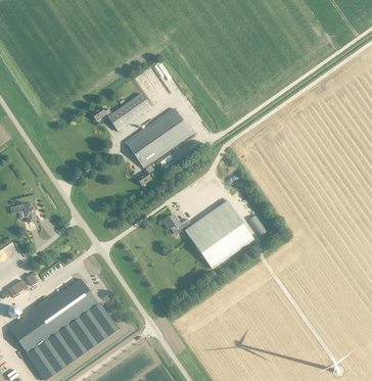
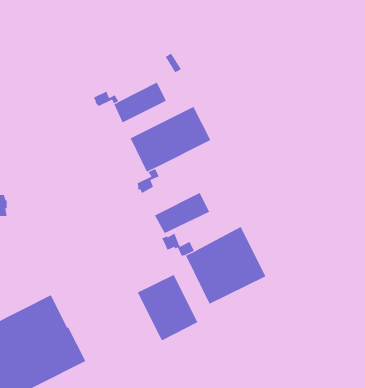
building: none -> [154,192,210,234]
building: none -> [137,274,198,341]

